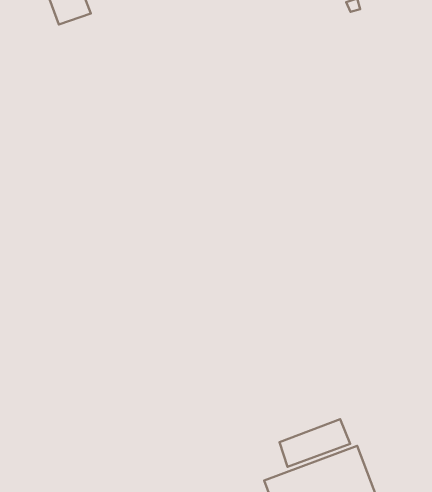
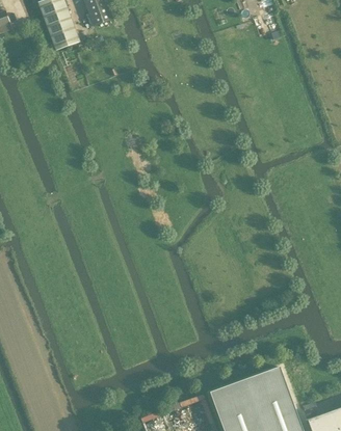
building: [279,419,350,467] -> none

